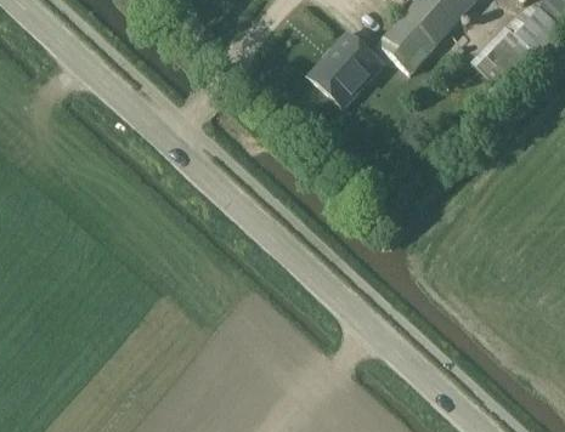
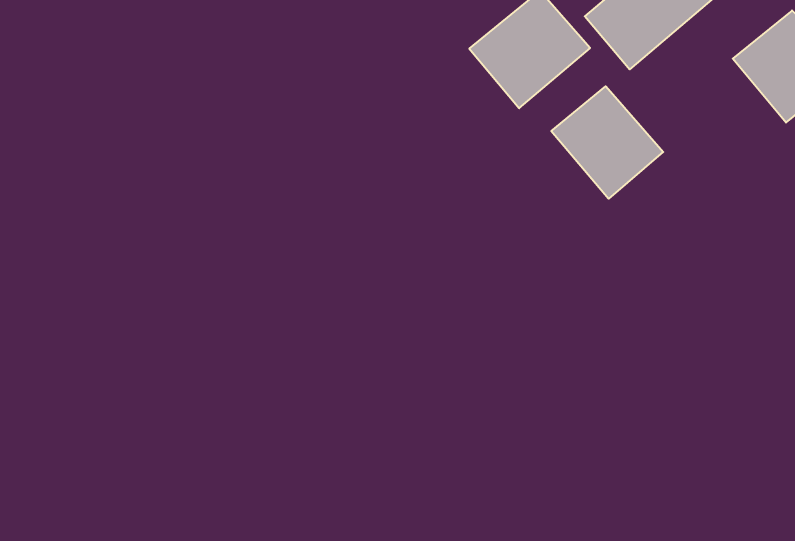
building: none -> [551,86,663,199]

